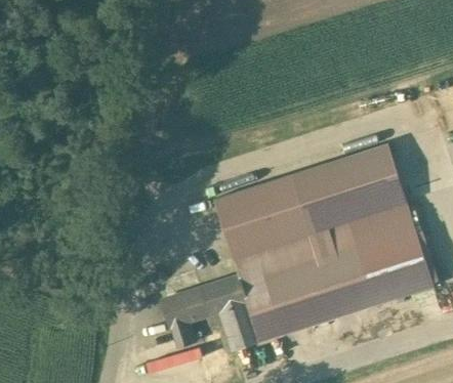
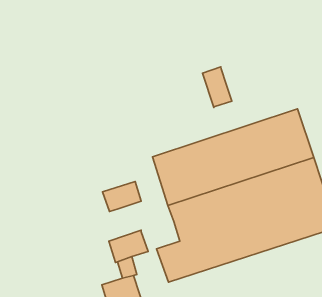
building: none -> [203,67,232,107]
building: [200,278,246,313] -> [103,181,141,211]

